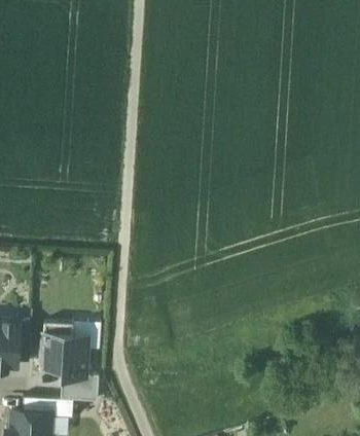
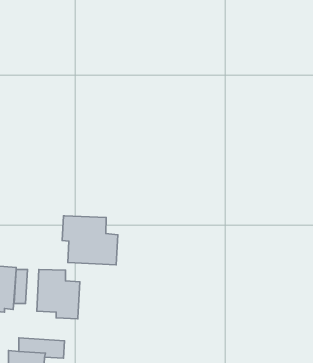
building: none -> [62,216,118,265]
building: [60,375,98,401] -> none

